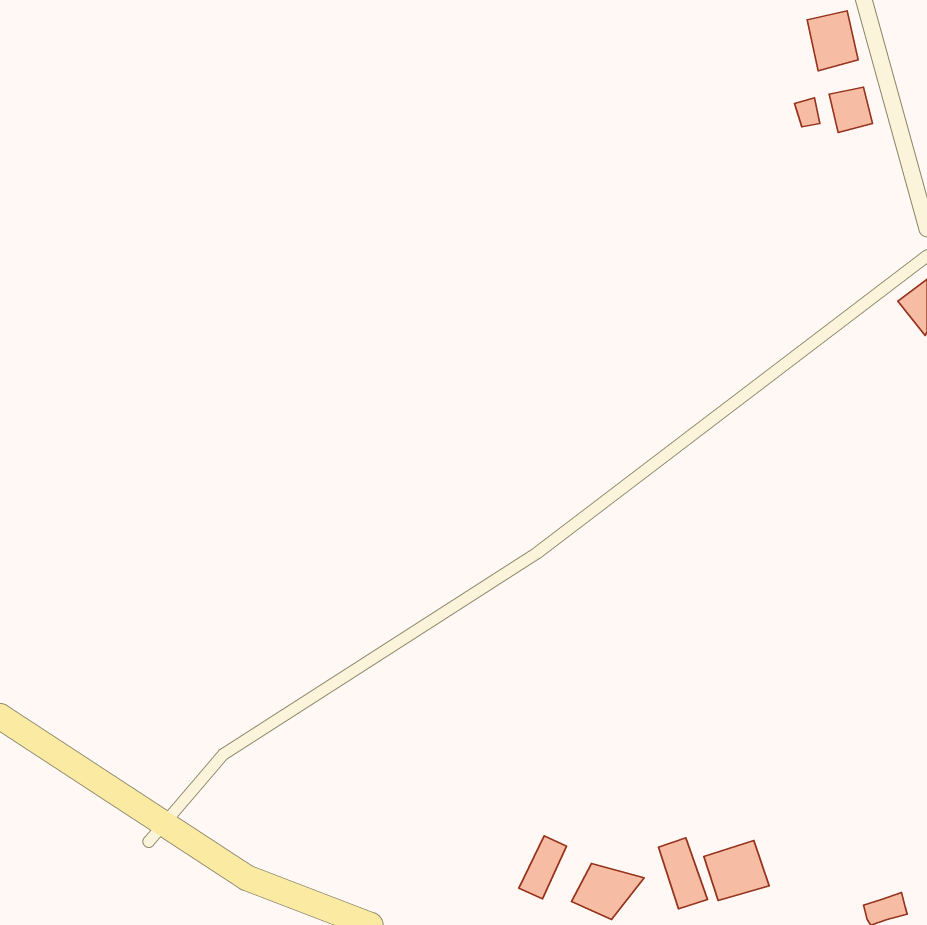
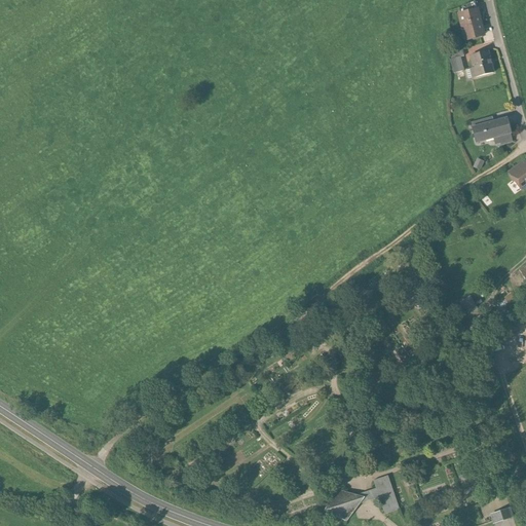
building: none -> [472,115,511,141]
building: [519,836,566,899] -> none
building: [704,841,769,900] -> none

